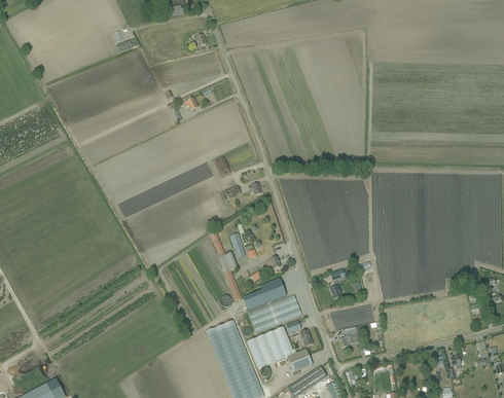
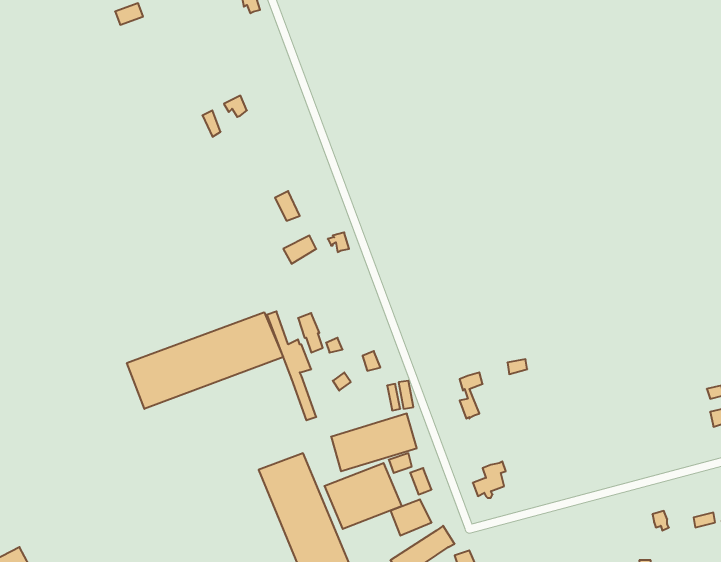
building: none -> [127,312,283,409]
building: [243,278,286,310] -> none

